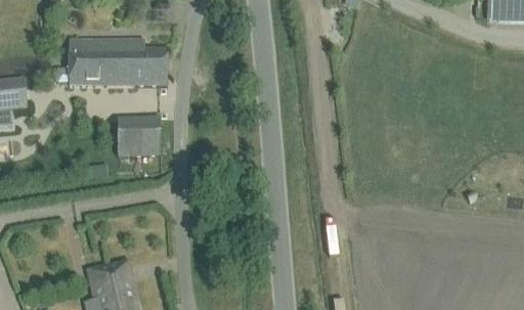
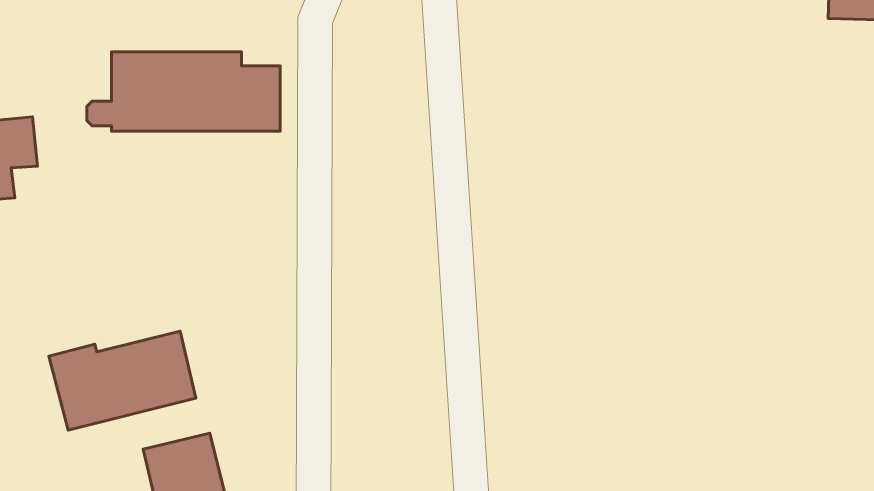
building: [117,116,160,154] -> none
building: none -> [49,331,196,430]

